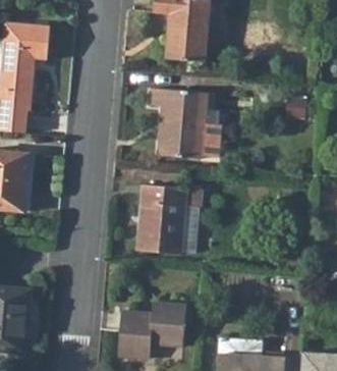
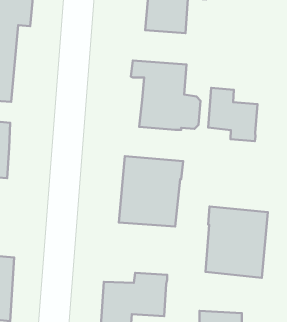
building: none -> [208,88,257,141]
building: none -> [206,207,268,278]

